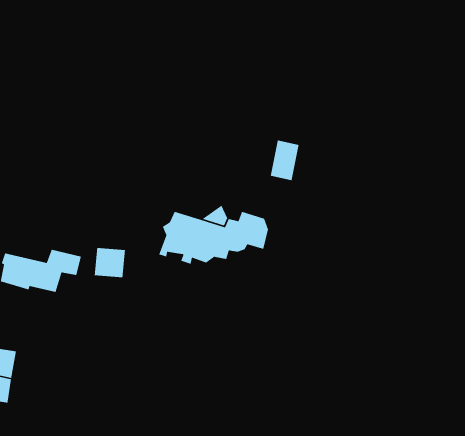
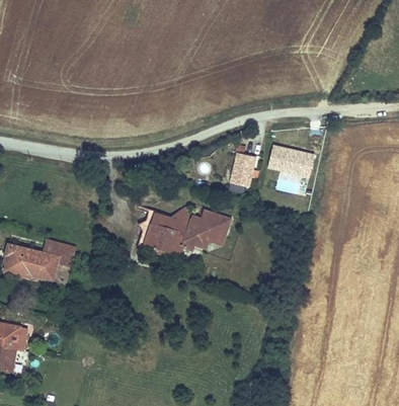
building: none -> [266,144,311,172]
building: [94,247,126,278] -> none

